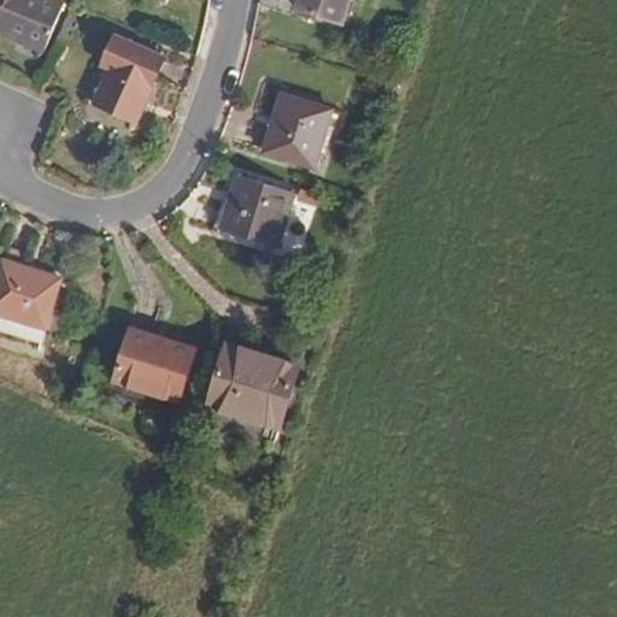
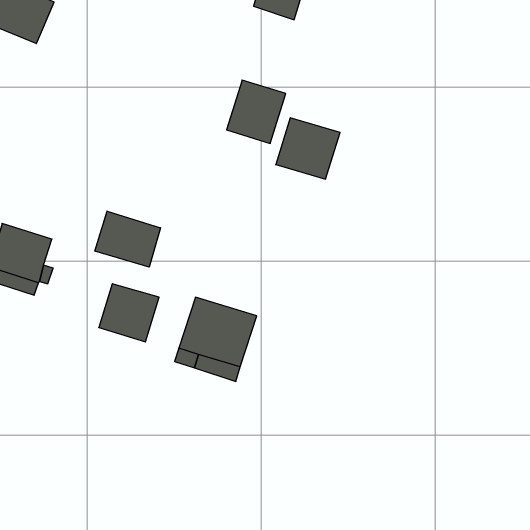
building: [94,35,163,123] -> none
building: [219,175,294,246] -> [276,118,340,179]
building: none -> [95,211,161,267]

